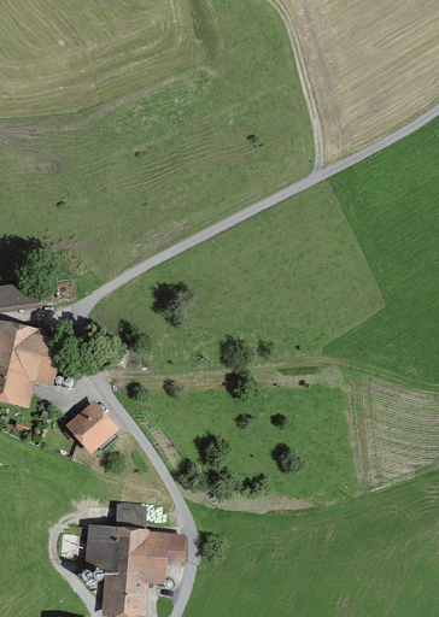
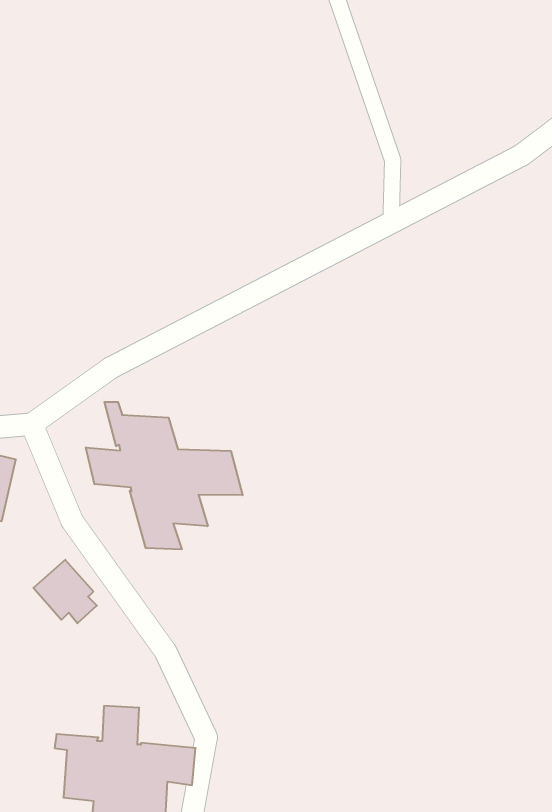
building: none -> [86,402,243,549]

